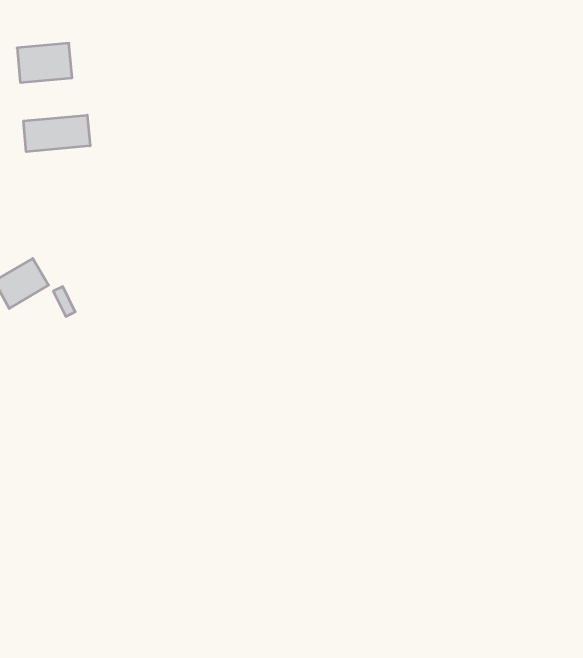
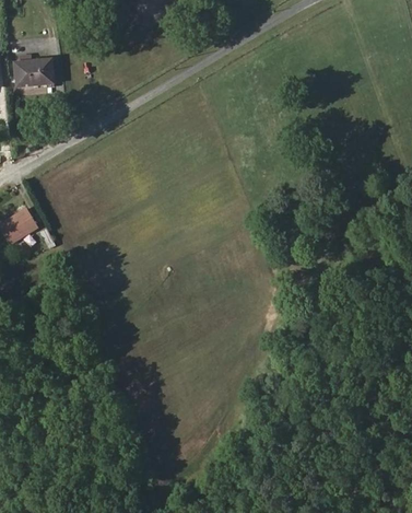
building: [24,115,90,152] -> none

